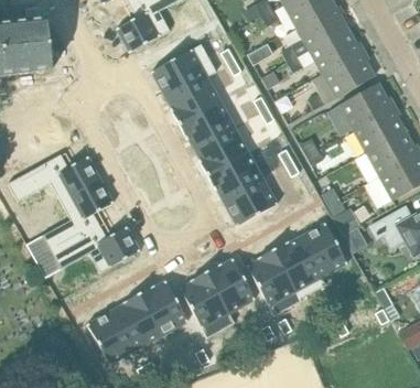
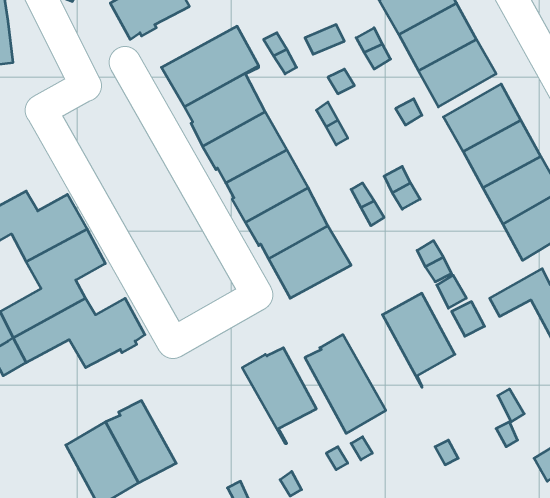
building: [271,236,324,300] -> none
building: [179,271,233,336] -> none
building: [137,280,186,335] -> none

